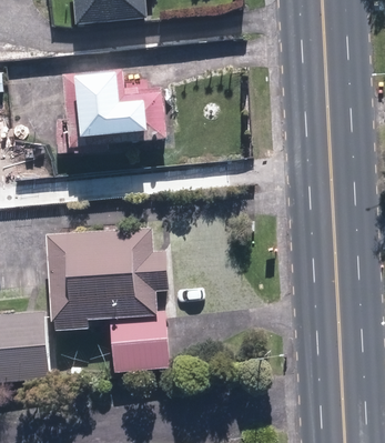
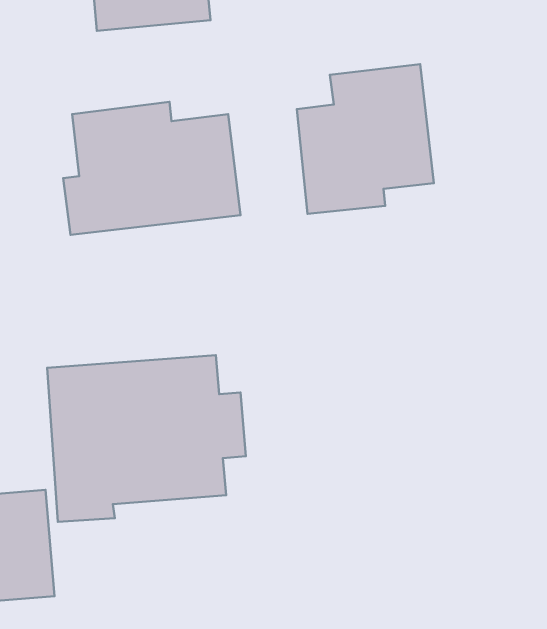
building: none -> [297,64,434,214]
building: [108,315,169,372] -> none

